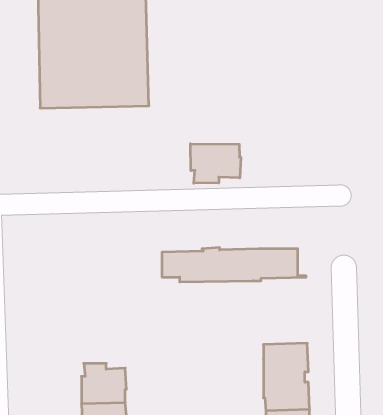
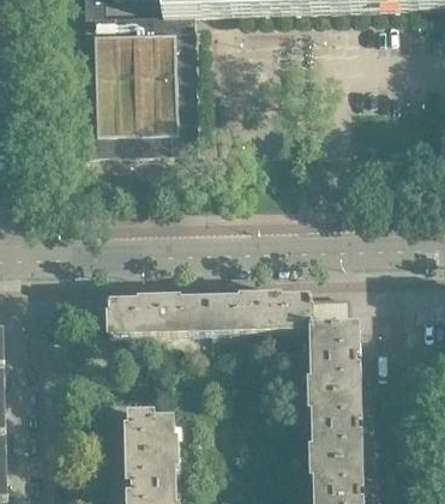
building: [190,144,241,183] -> none
building: none -> [107,295,209,330]
building: none -> [309,322,356,390]

